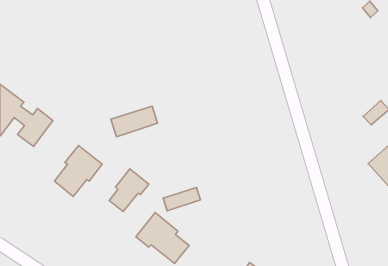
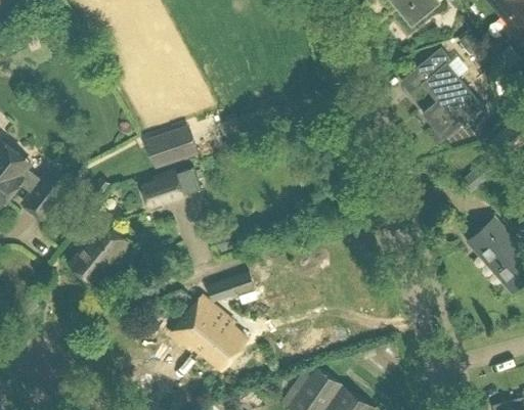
building: none -> [400,48,483,140]
building: none -> [148,133,200,170]
building: [109,169,149,212] -> none

